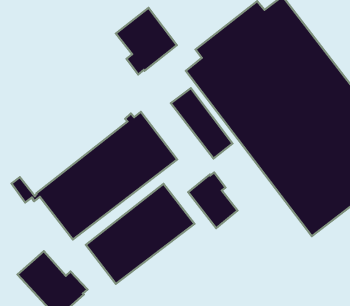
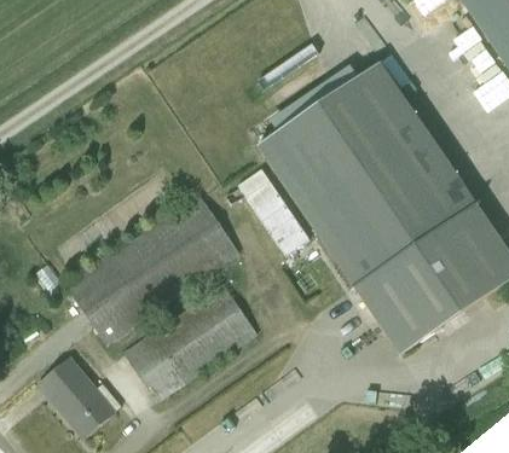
building: [116,8,177,74] -> none
building: [188,172,238,228] -> none

